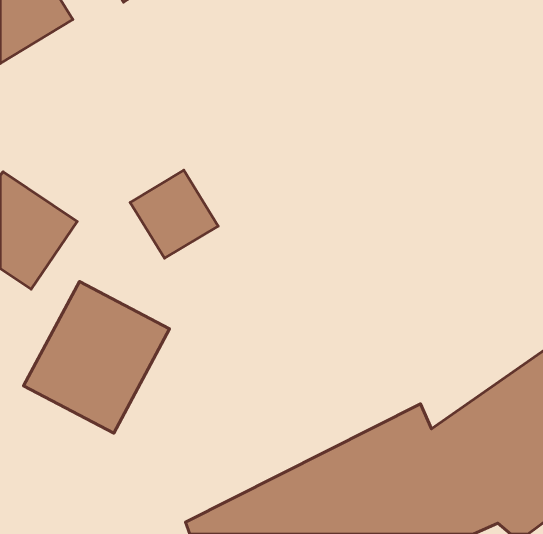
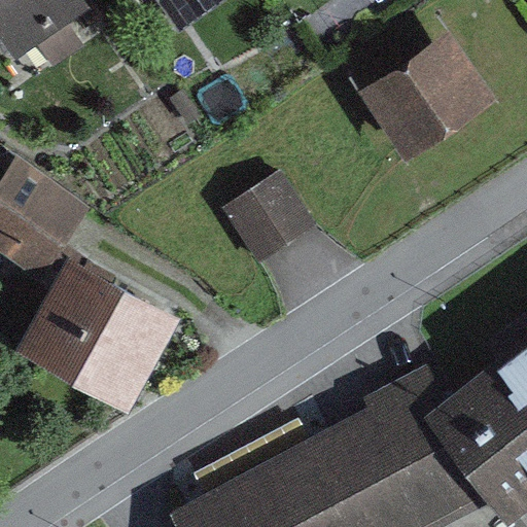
building: none -> [370,38,493,157]
building: [130,170,218,258] -> [224,182,309,267]

